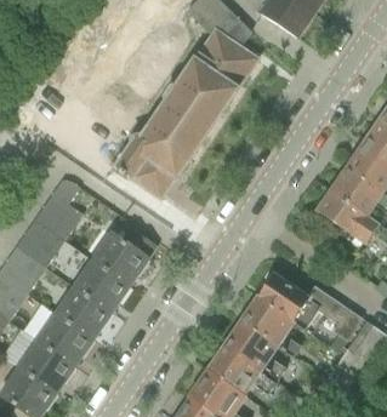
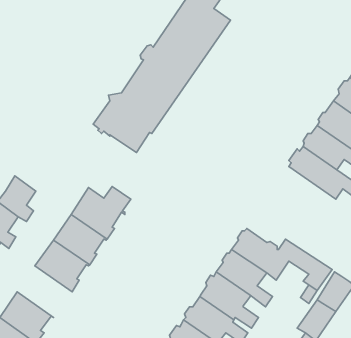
building: [34,179,81,241] -> none
building: [36,314,93,367] -> none

